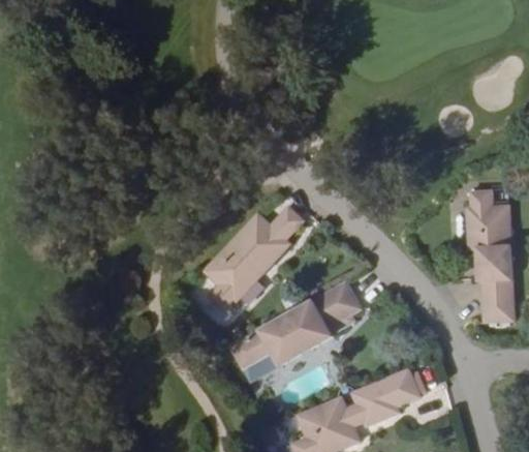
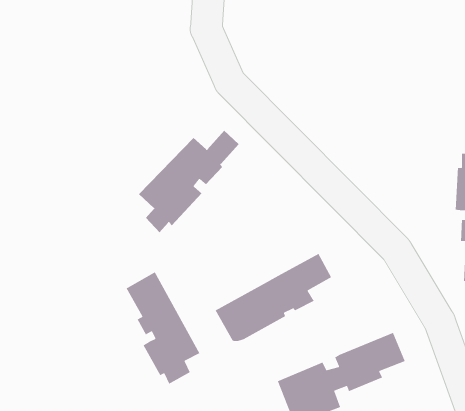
building: [198,208,301,312] -> [138,130,239,233]
building: none -> [126,271,201,385]

